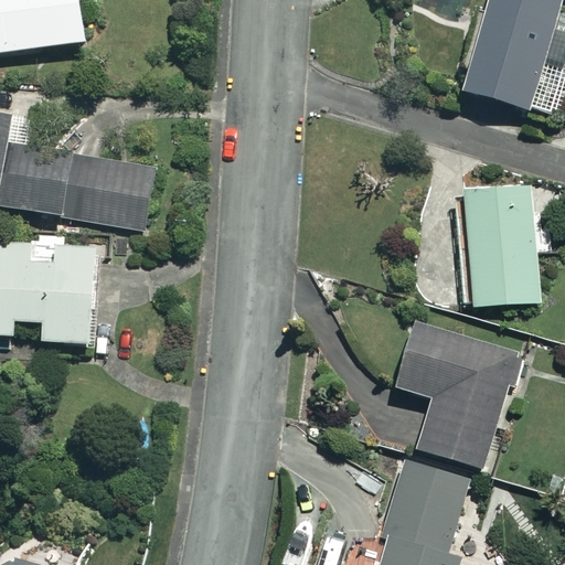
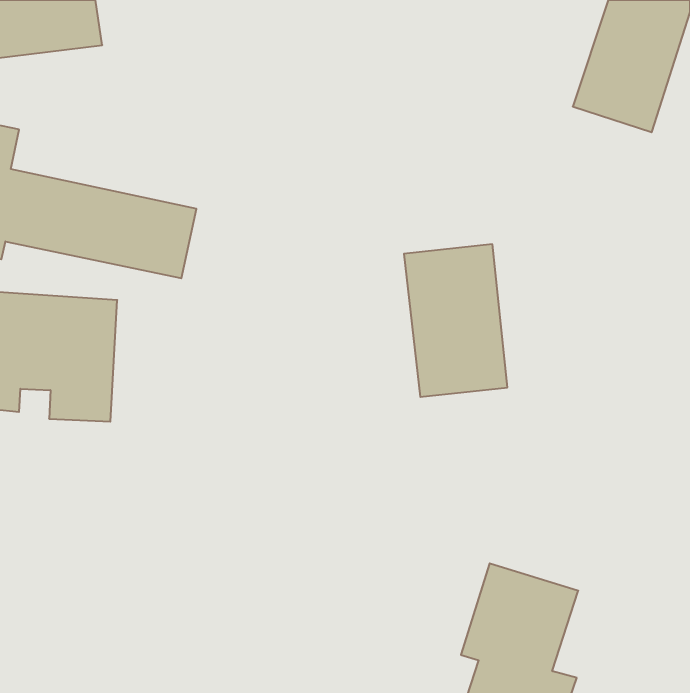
building: [458,184,542,308] -> [404,244,507,397]
building: [392,317,521,472] -> none

